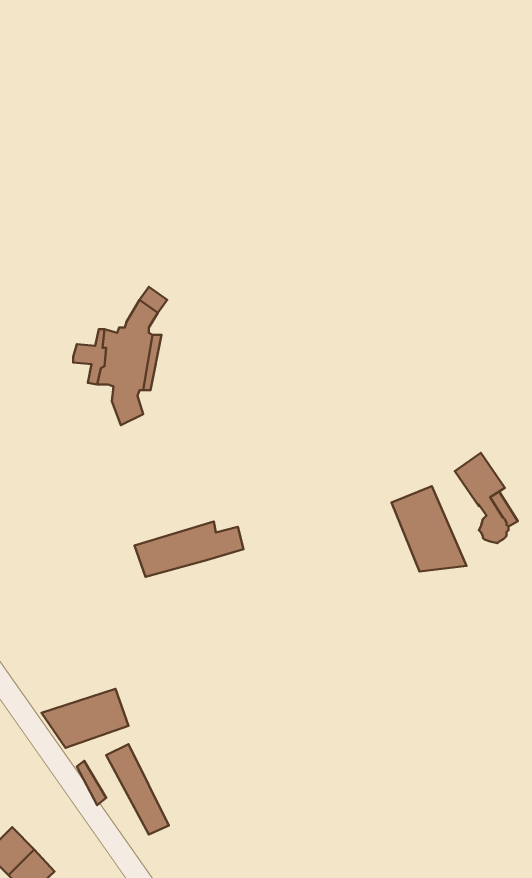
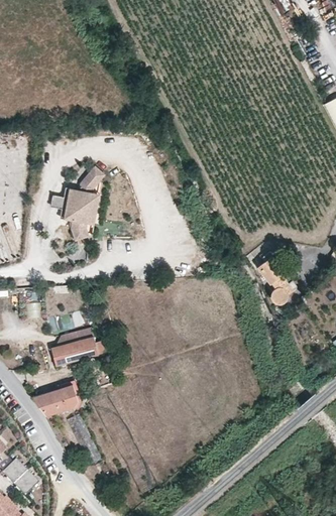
building: [392,486,466,572] -> none
building: [135,521,243,577] -> [50,336,110,366]

